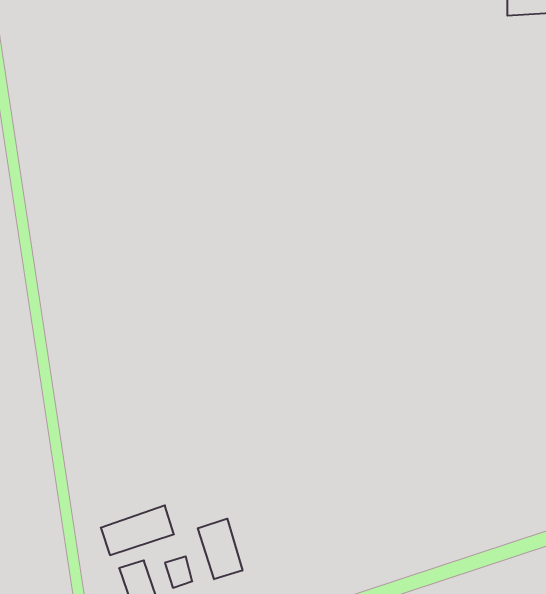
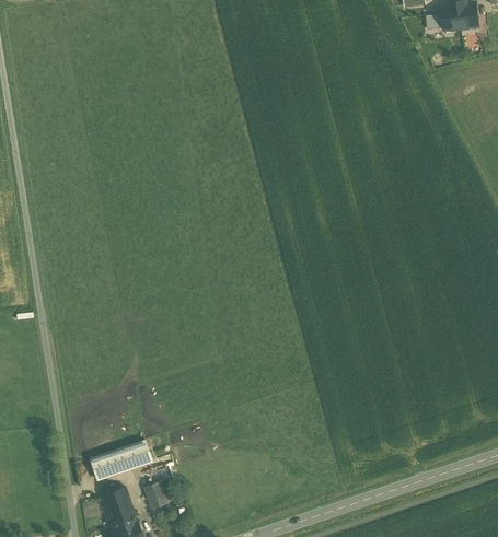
building: [198,519,242,579] -> none

